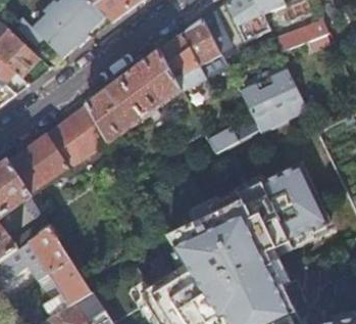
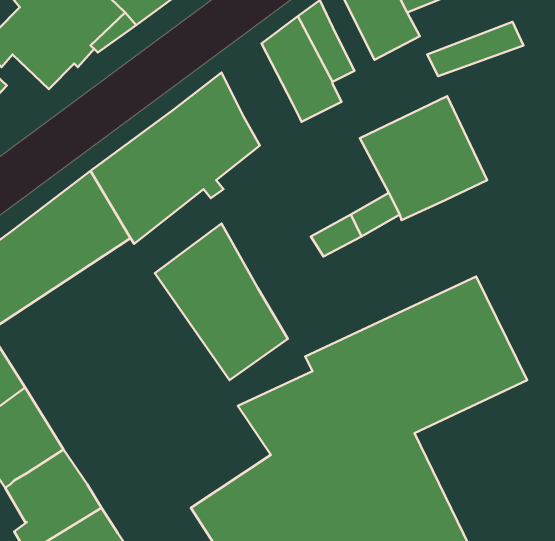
building: [158,32,202,89] -> none
building: none -> [155,223,288,380]

